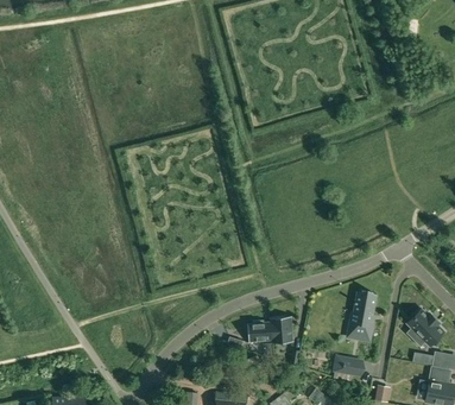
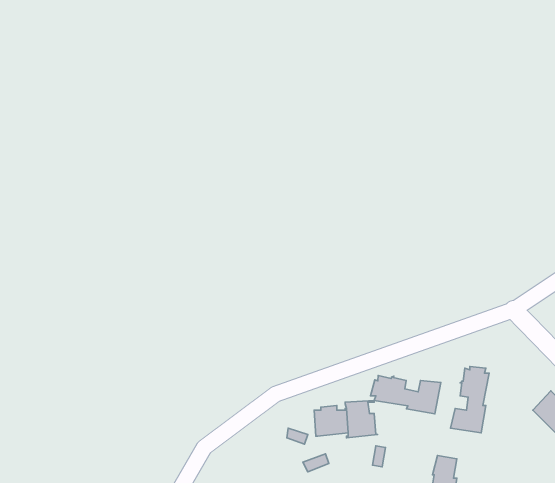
building: none -> [371,376,441,414]

